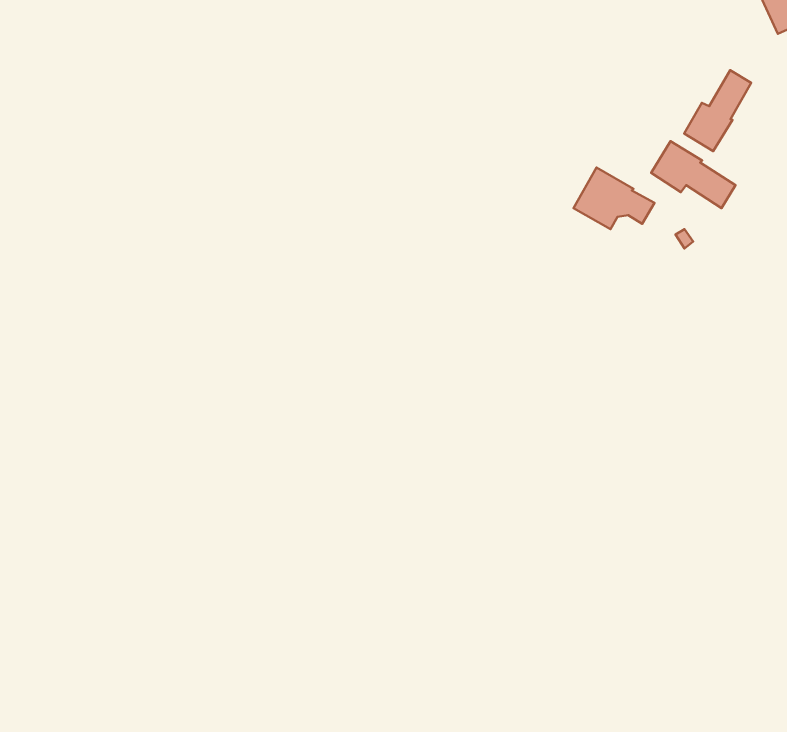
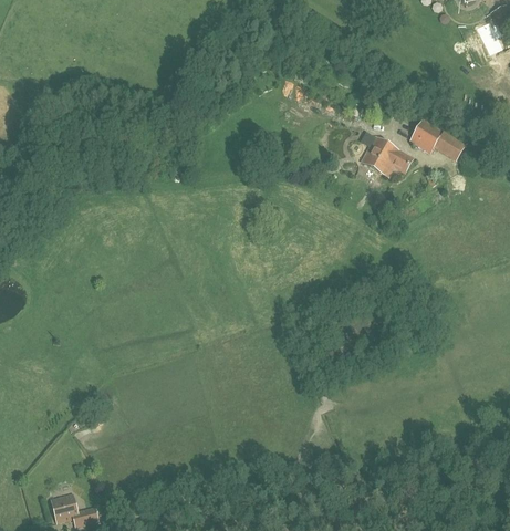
building: [684,70,751,151] -> none

